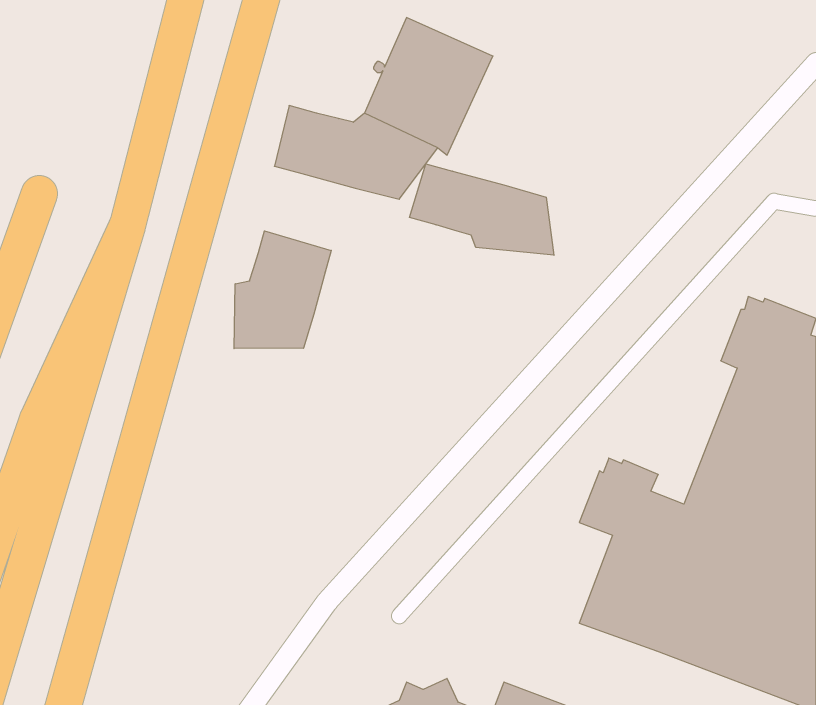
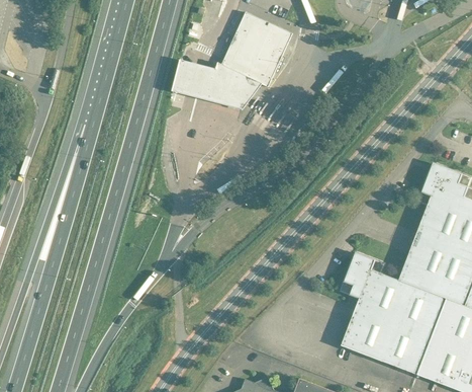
building: [410,164,554,255] -> none
building: [234,231,331,349] -> none

